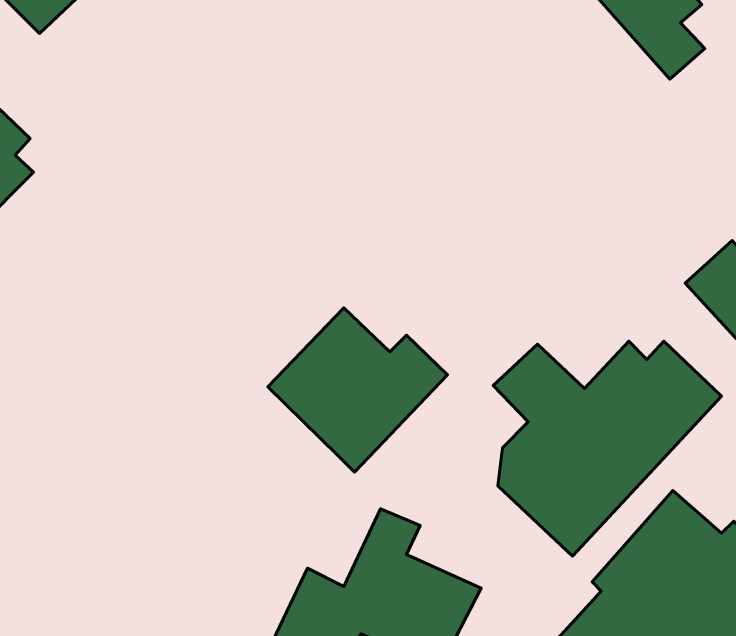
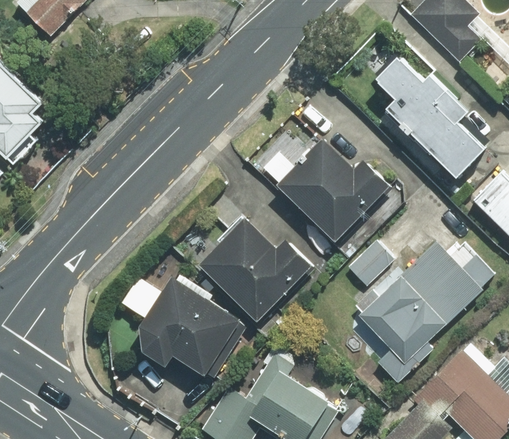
building: none -> [373,57,482,182]
building: none -> [260,140,394,242]
building: none -> [117,275,241,379]

